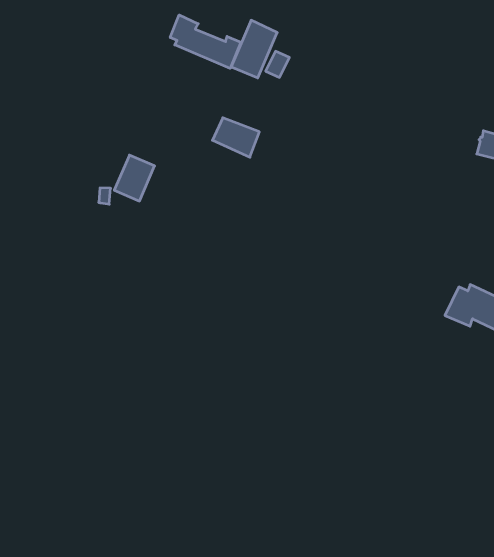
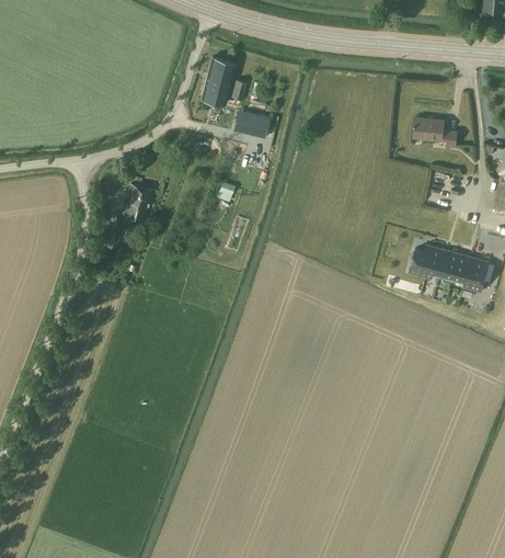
building: [170,15,241,68] -> none
building: [212,118,259,157] -> [232,111,269,139]

